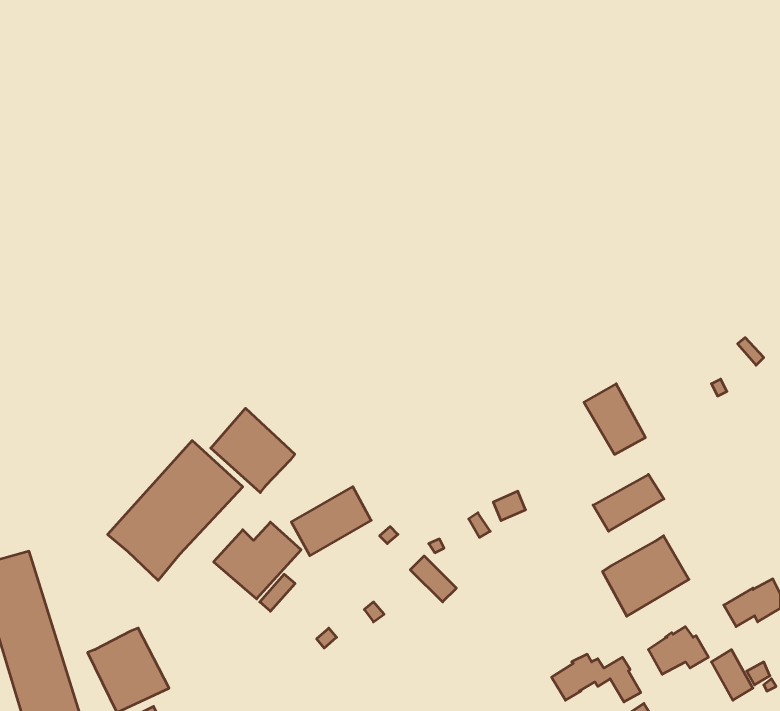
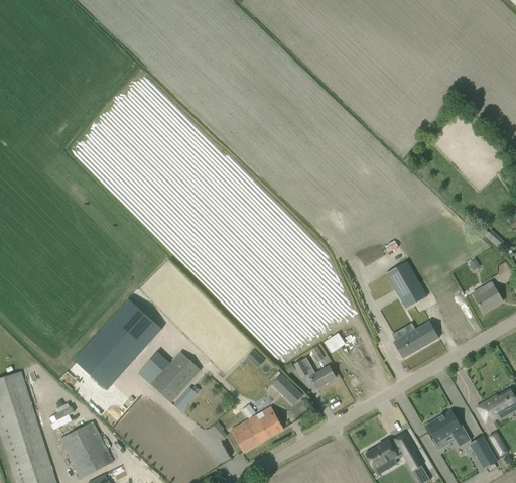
building: [211,408,295,493] -> none
building: none -> [475,282,502,312]
building: [291,487,371,556] -> [231,406,283,452]
building: none -> [294,358,336,388]
building: [603,536,689,616] -> none

